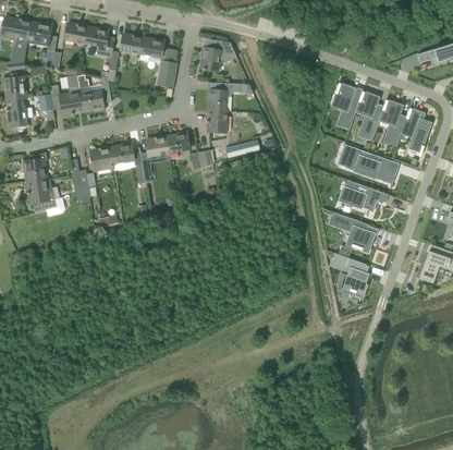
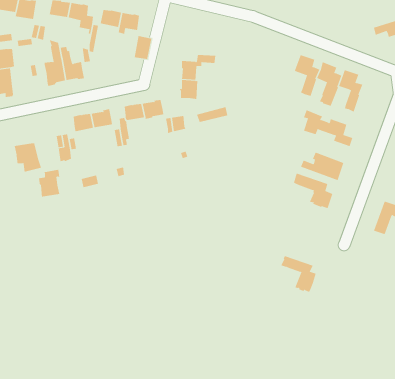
building: [199,39,236,71] -> none
building: [402,108,431,156] -> none
building: [23,151,47,182] -> [38,169,60,197]
building: [330,253,369,293] -> [281,255,317,292]

